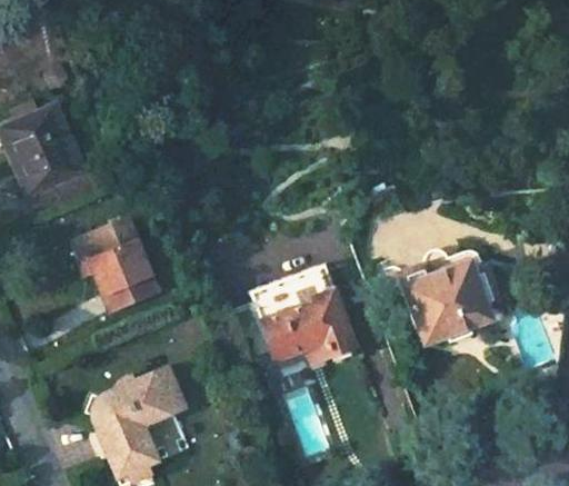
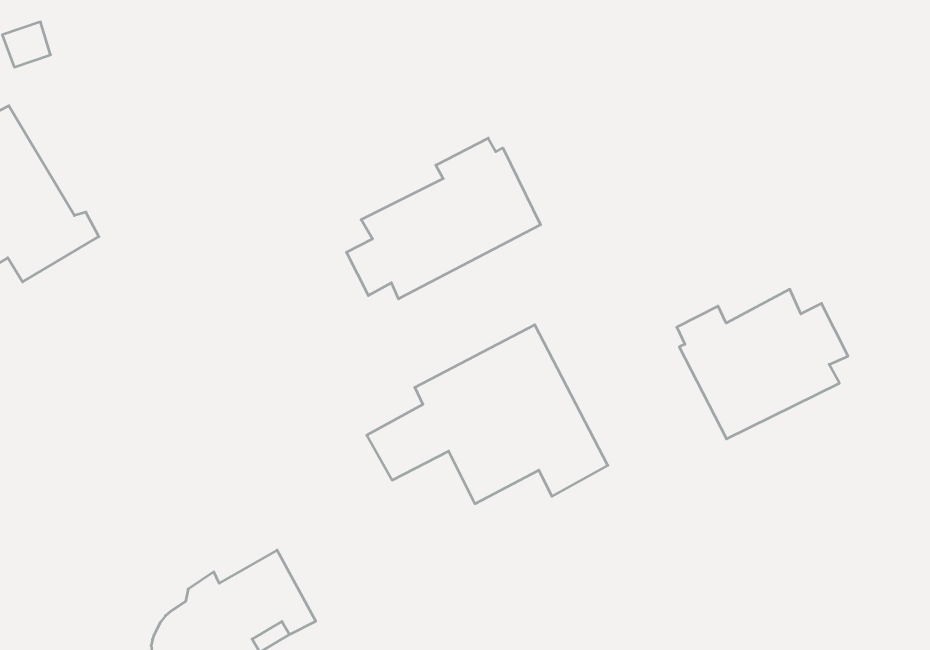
building: none -> [346,138,541,299]
building: [81,217,156,309] -> none

